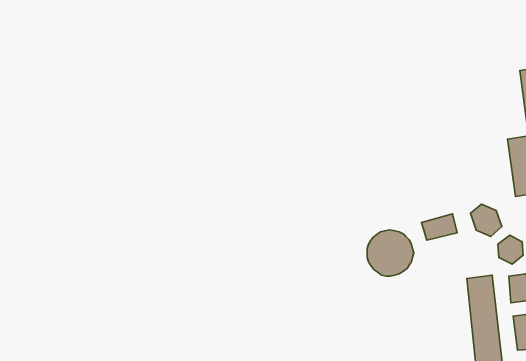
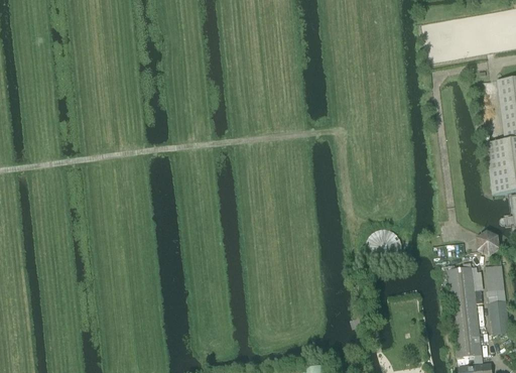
building: [470,204,502,237] -> none
building: [422,214,457,240] -> none

